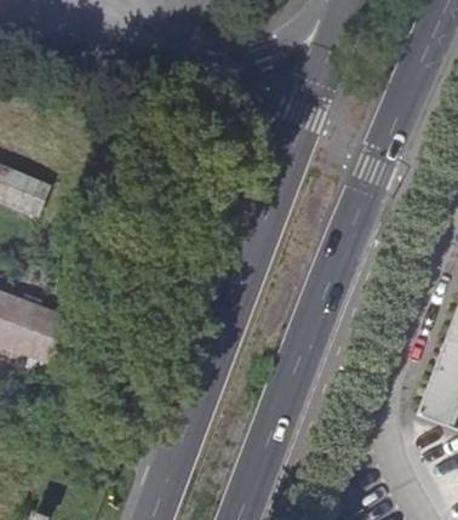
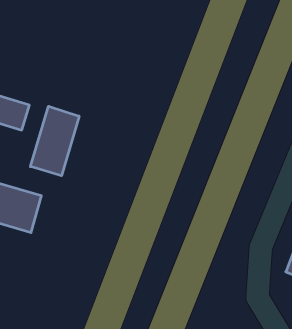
building: none -> [30,106,79,176]

